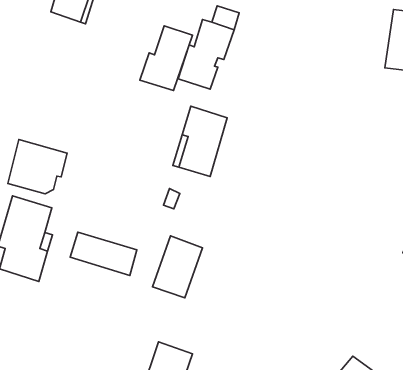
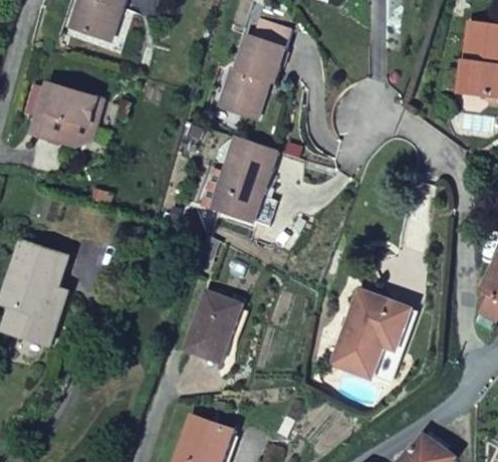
building: [140,26,192,90] -> none
building: [8,140,67,194] -> [30,81,100,146]
building: [70,232,137,275] -> none
building: none -> [333,289,416,380]

